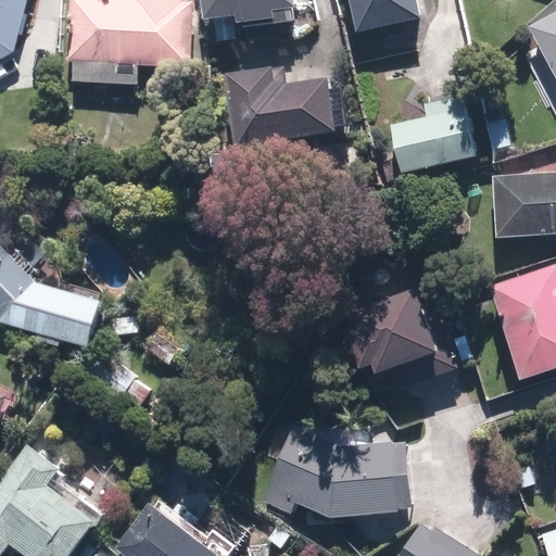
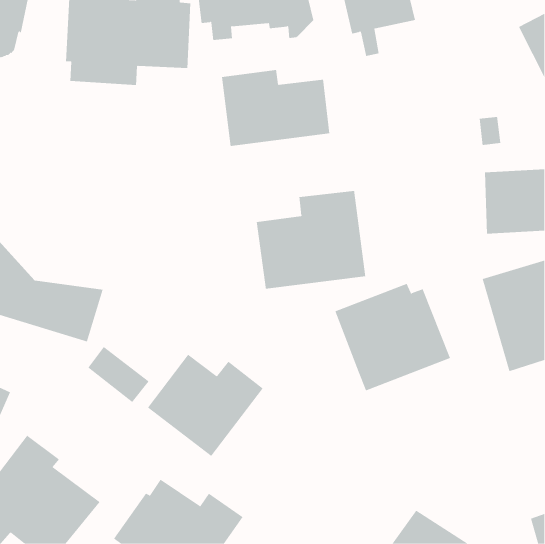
building: [389,93,479,177] -> none
building: none -> [256,190,366,290]
building: none -> [147,354,264,457]
building: [261,416,408,515] -> none

